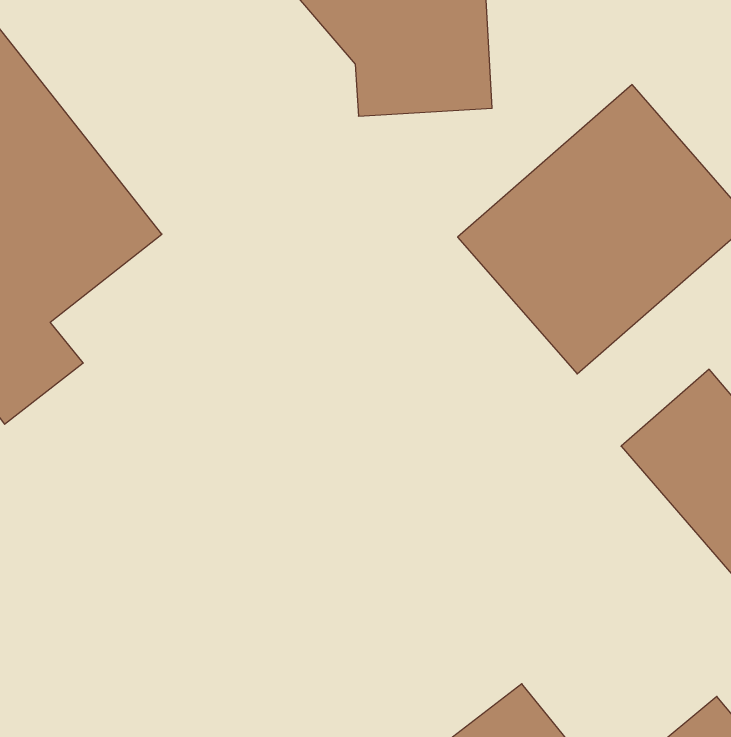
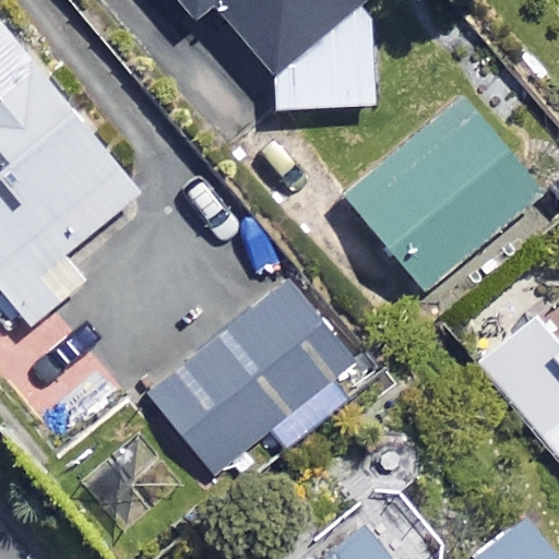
building: none -> [148,280,357,476]

